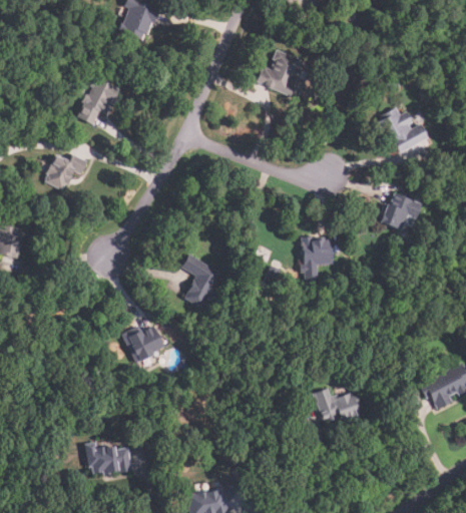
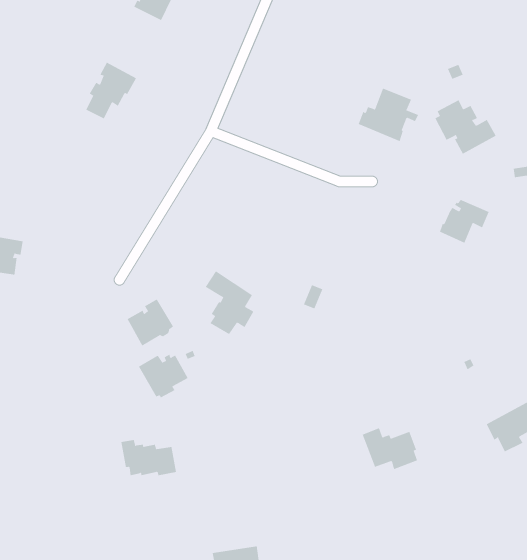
building: [257,50,309,96] -> [358,88,419,142]
building: [45,153,87,189] -> none
building: [301,235,334,282] -> none
building: none -> [127,298,174,347]
building: [83,443,131,474] -> [120,439,177,476]

